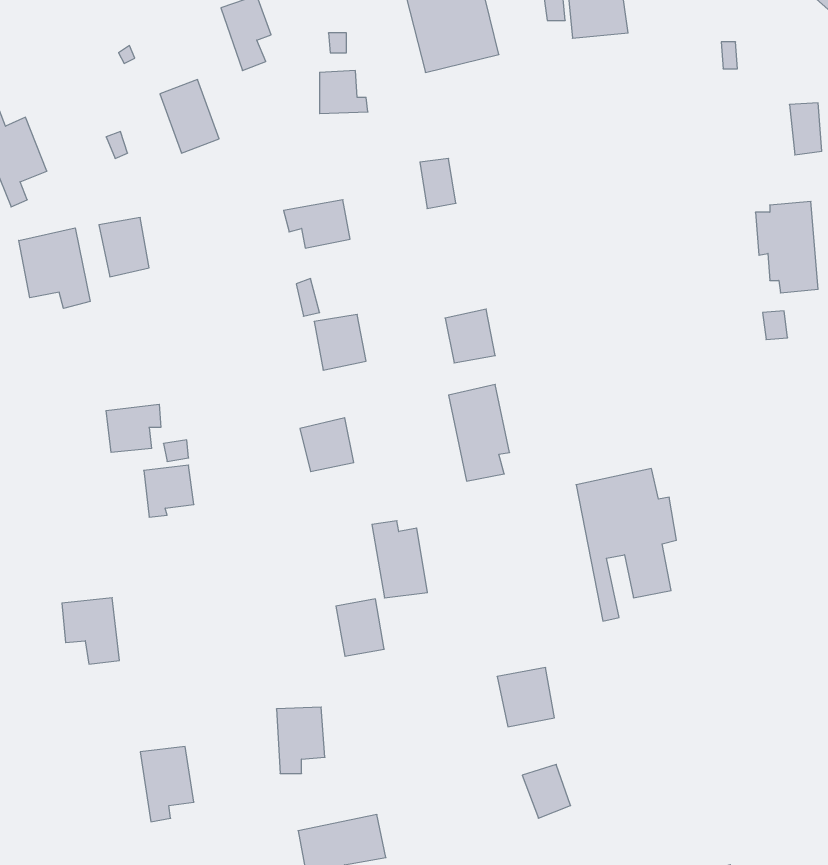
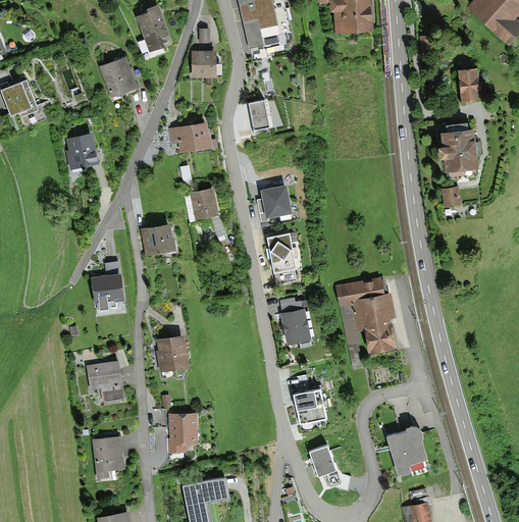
building: [19,228,90,308] -> none
building: [106,404,161,452] -> none
building: [300,418,354,472] -> [143,224,173,255]
building: [372,521,427,598] -> [280,299,312,343]
building: [62,598,119,664] -> [89,362,121,400]
building: [336,599,384,656] -> [158,336,186,369]
building: none -> [386,423,433,478]

